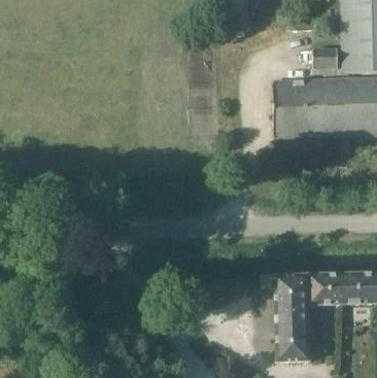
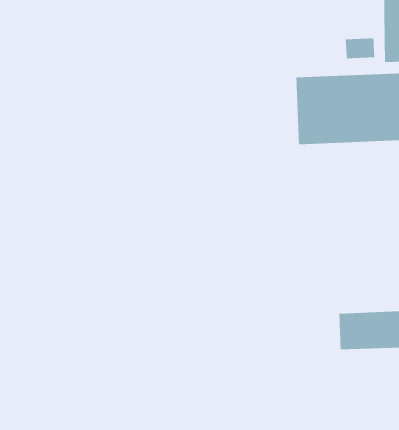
building: [263,273,312,359] -> none

